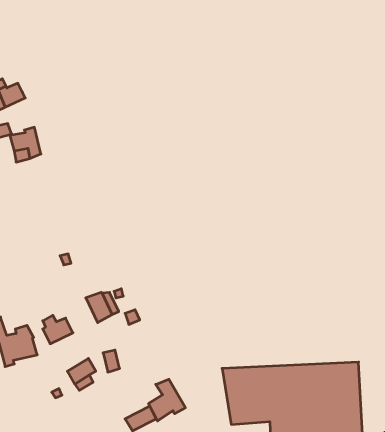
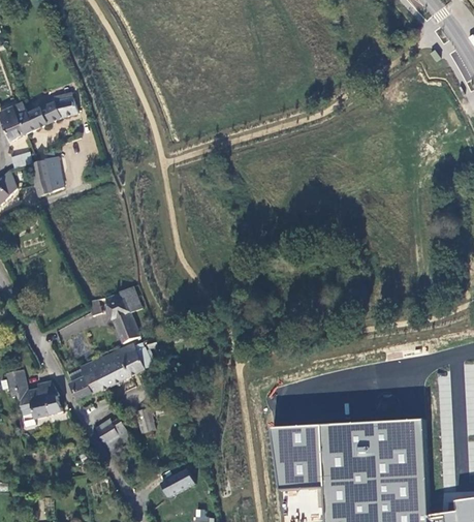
building: none -> [39,96,77,123]
building: none -> [104,285,141,342]
building: none -> [77,348,129,390]
building: [149,379,185,421] -> none

